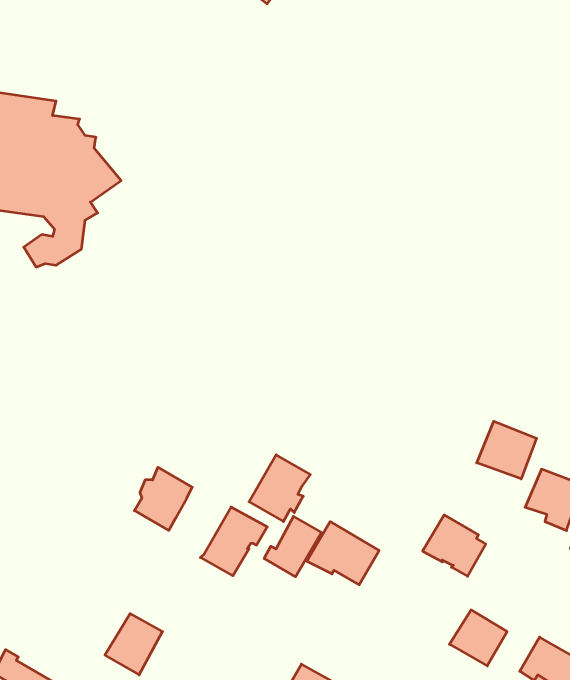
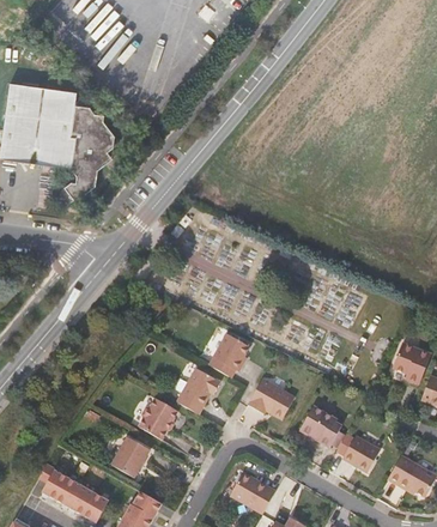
building: [477,421,537,479] -> none
building: [134,467,192,530] -> [138,396,176,438]
building: [423,515,486,576] -> [298,405,340,446]
building: [264,516,322,577] -> none

